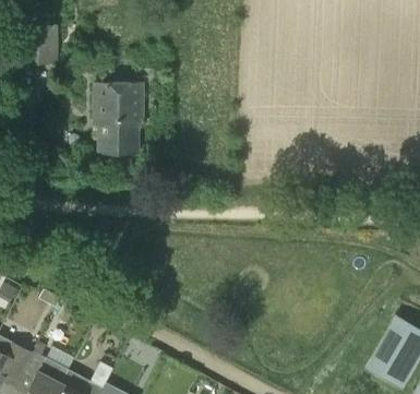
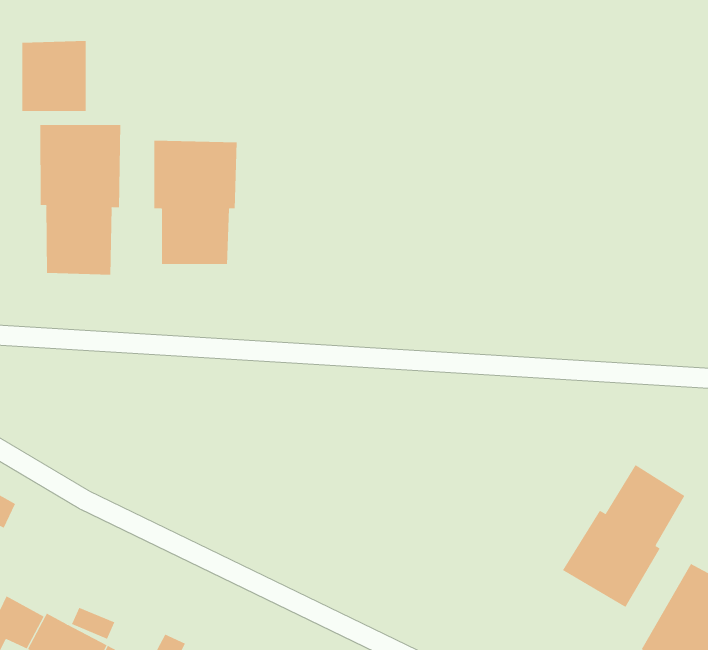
building: none -> [40,124,121,275]
building: none -> [562,464,685,608]

